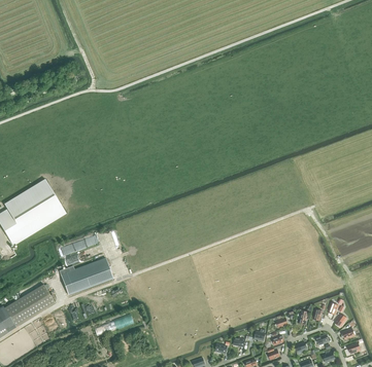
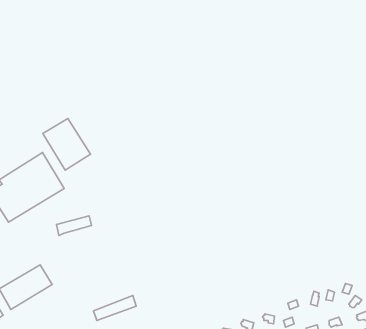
building: none -> [43,119,91,170]
building: [59,258,112,295] -> none

